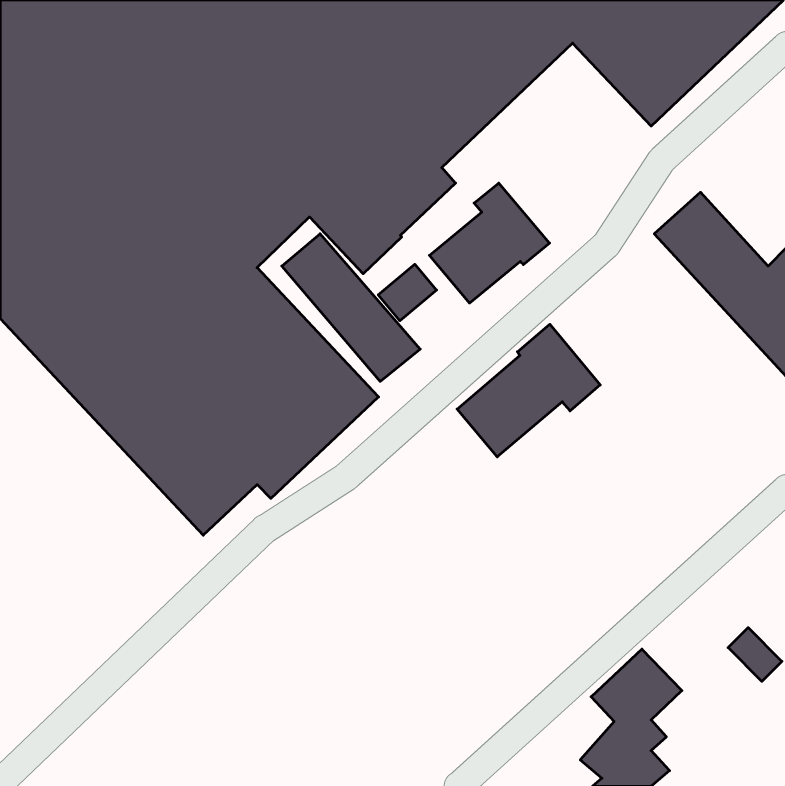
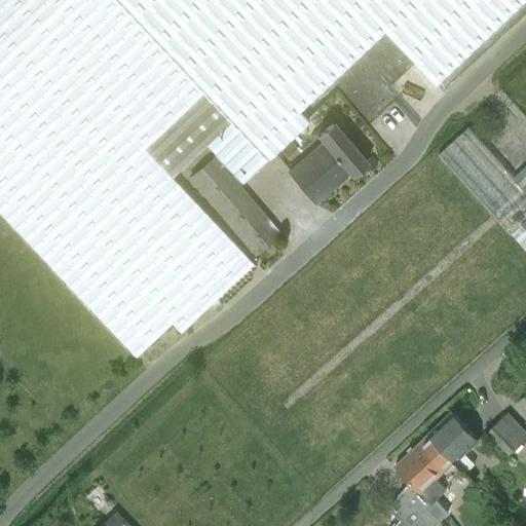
building: [378,264,437,321] -> none
building: [457,324,600,457] -> none
building: none -> [429,412,479,461]

